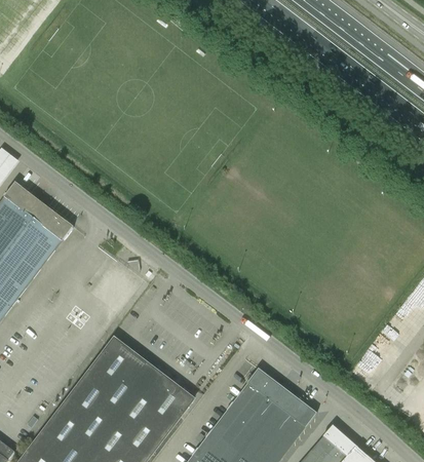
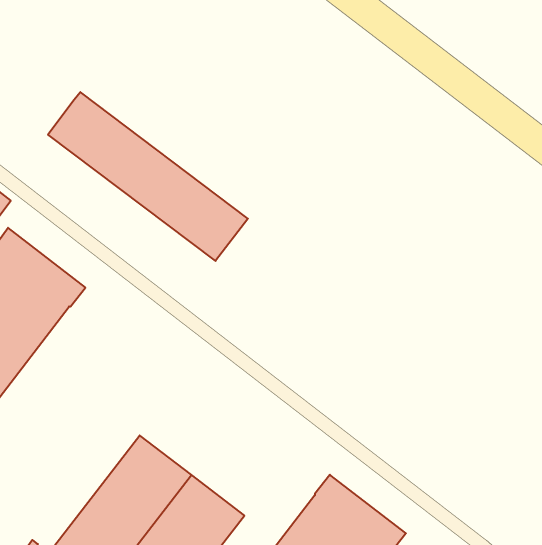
building: none -> [48,92,248,261]

